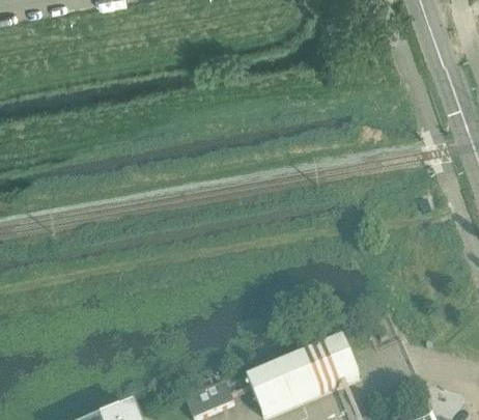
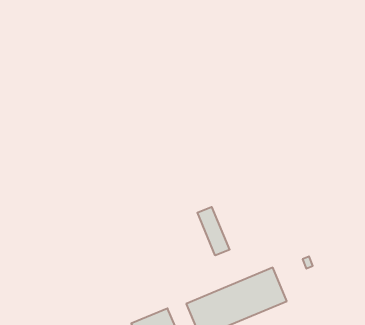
building: none -> [197,207,230,255]

